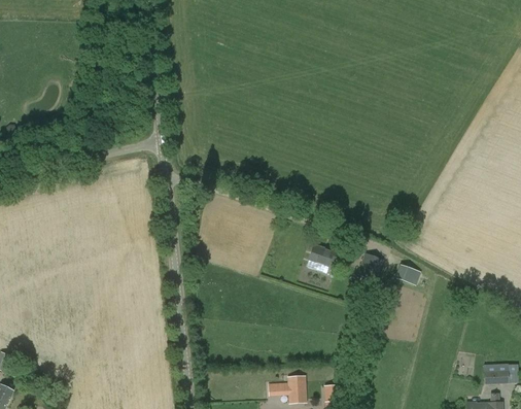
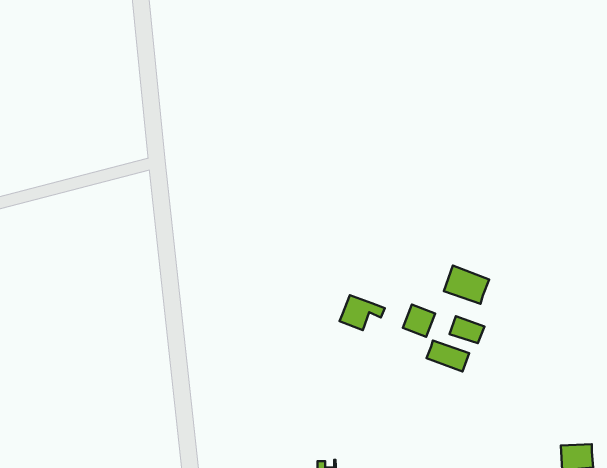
building: none -> [444,266,489,304]
building: none -> [426,340,469,372]

